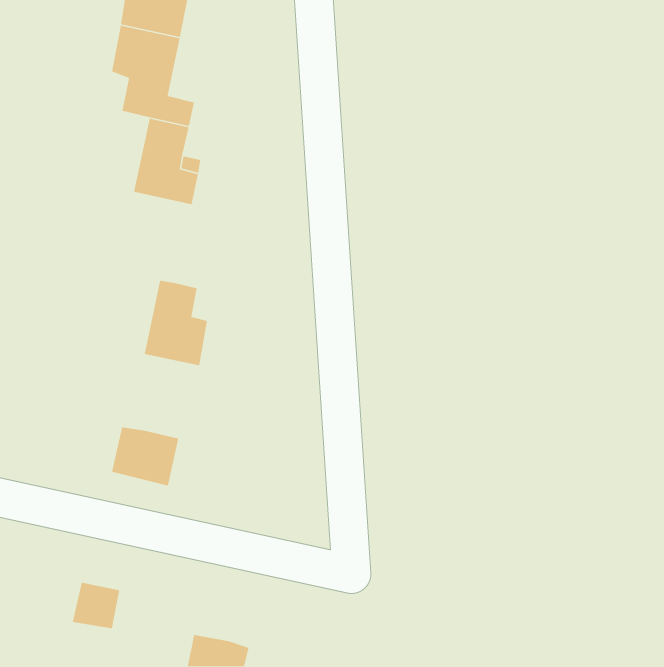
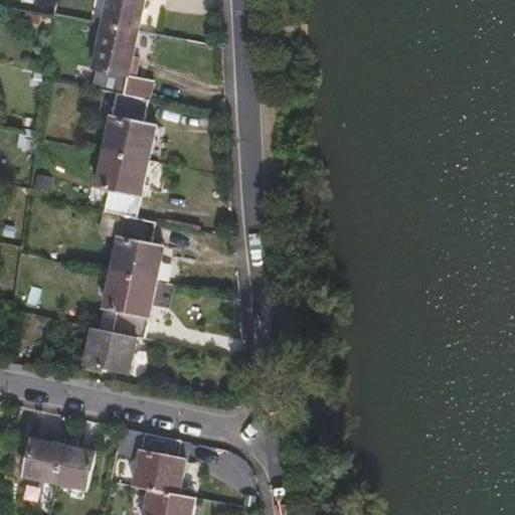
building: none -> [96,148,148,217]
building: none -> [105,273,154,338]
building: none -> [133,434,184,493]
building: none -> [24,443,62,479]

